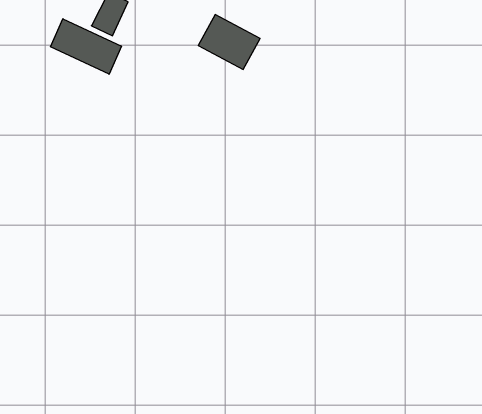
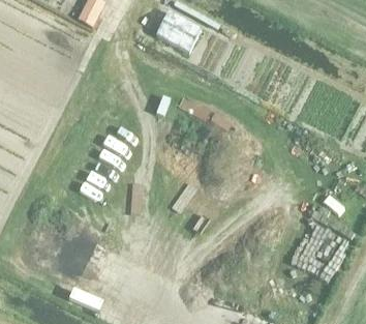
building: [50,19,122,74] -> none

